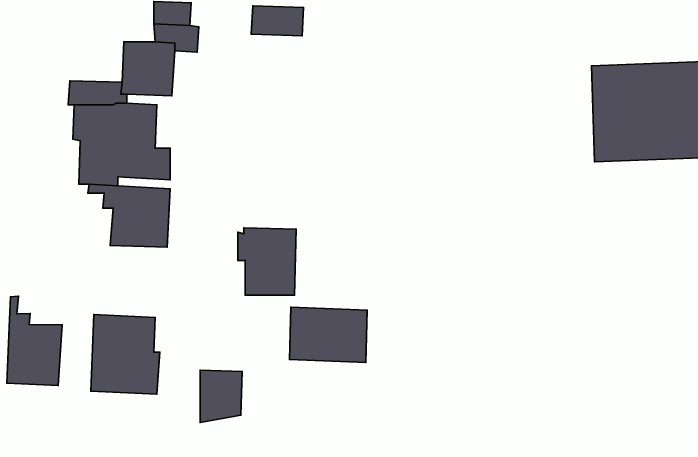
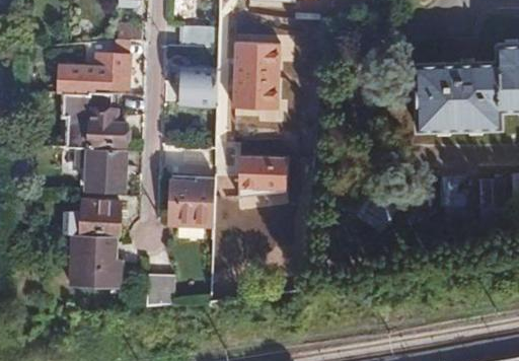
building: none -> [231,41,280,106]
building: none -> [180,66,217,104]
building: none -> [85,199,120,233]
building: [7,296,62,385] -> none
building: [289,307,367,363] -> [236,153,289,191]

